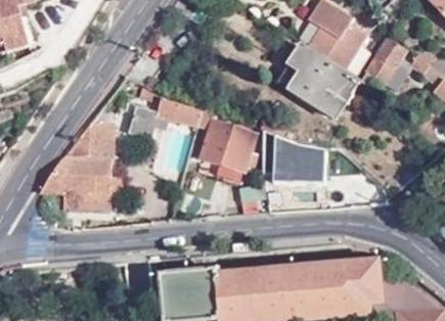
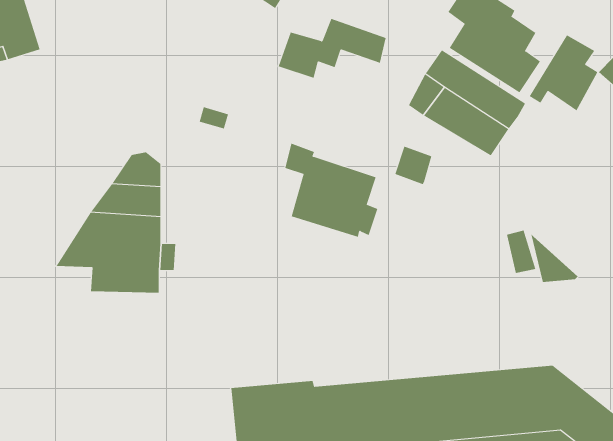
building: [126,94,199,135] -> [278,18,386,78]
building: [265,132,325,184] -> none

